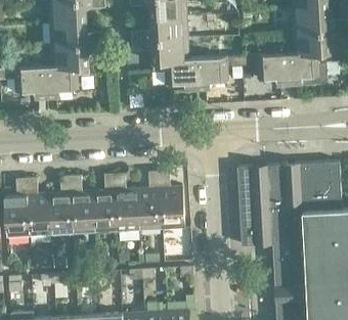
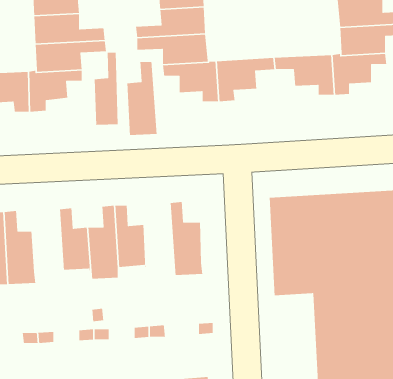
building: none -> [94,52,119,126]
building: [137,172,162,231] -> [127,61,157,136]
building: [48,177,73,227] -> none

